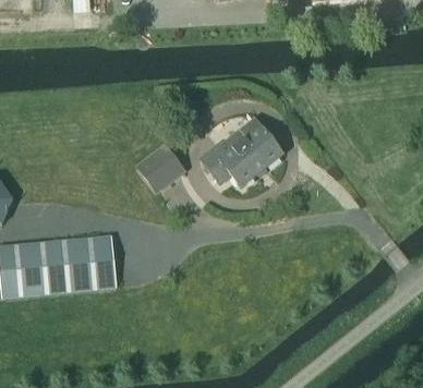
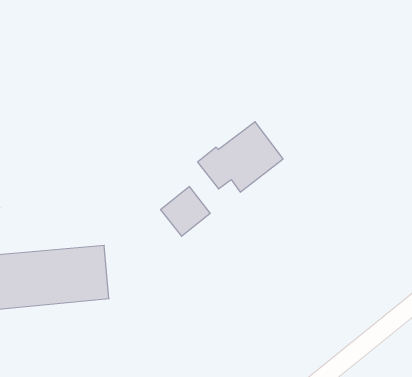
building: [136,144,183,191] -> [161,187,210,236]

